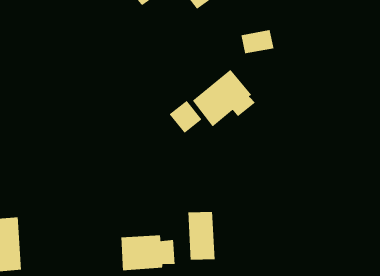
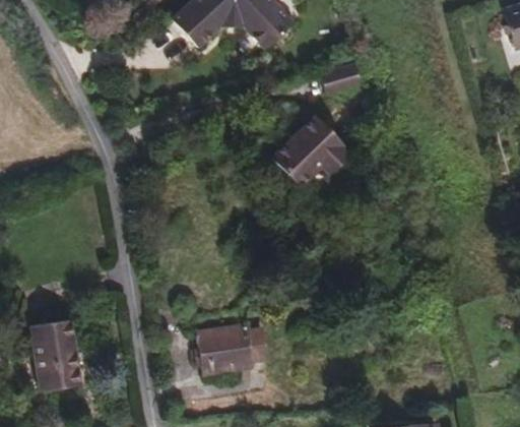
building: [168,100,203,134] -> none
building: [187,211,215,260] -> none

